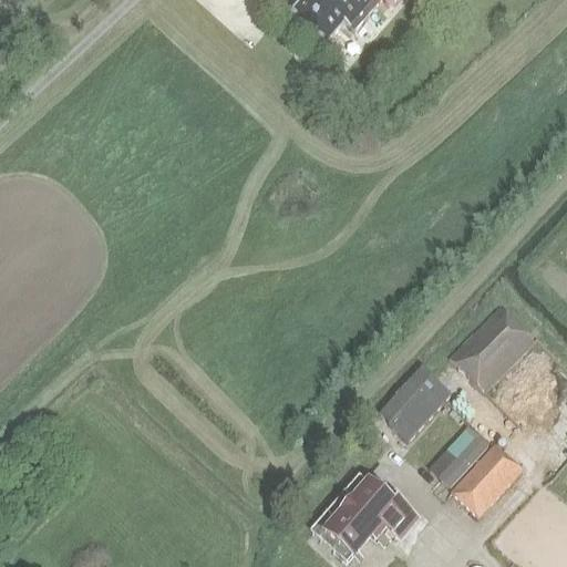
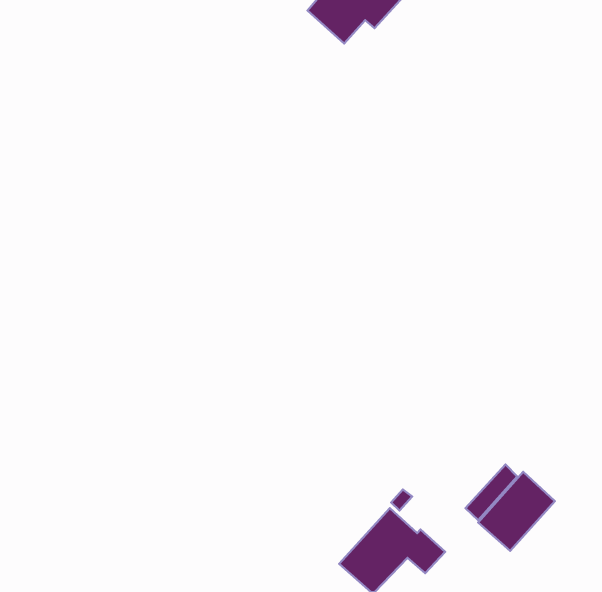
building: [450,305,532,386] -> none
building: [386,375,450,441] -> none

